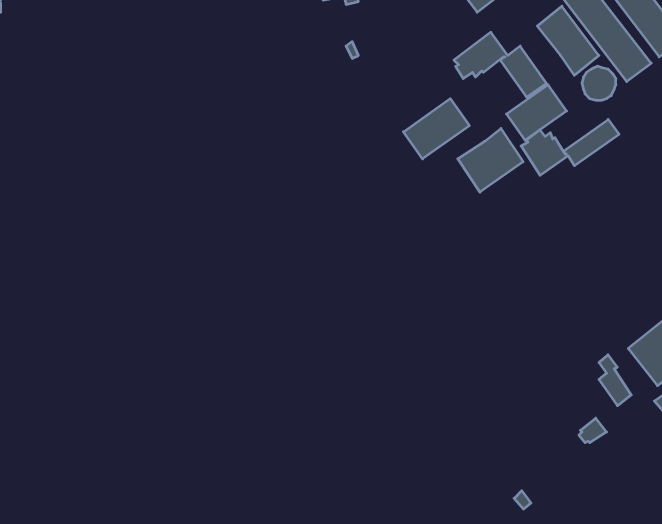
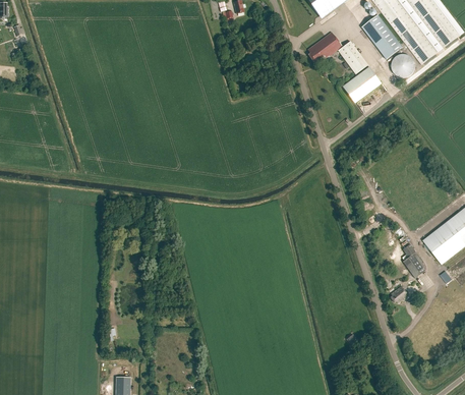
building: [403,99,469,159] -> none
building: [521,119,619,175] -> none
building: [458,128,523,192] -> none

